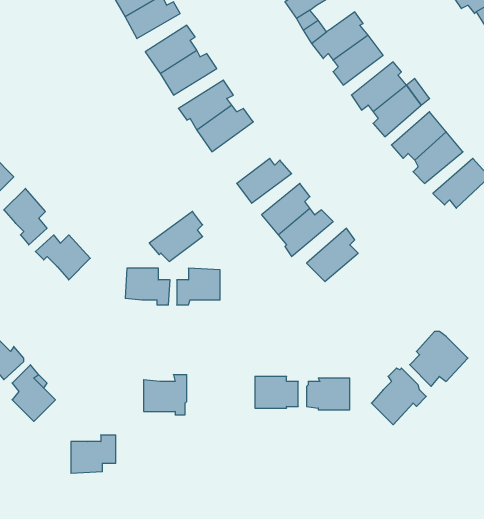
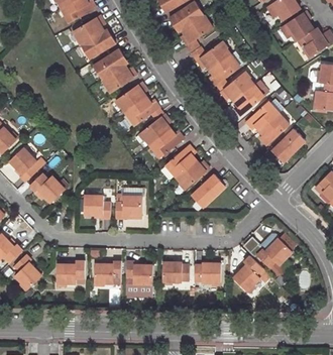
building: [149,211,203,261] -> [139,114,172,144]
building: none -> [126,261,152,297]
building: [71,435,116,473] -> [58,260,85,283]

